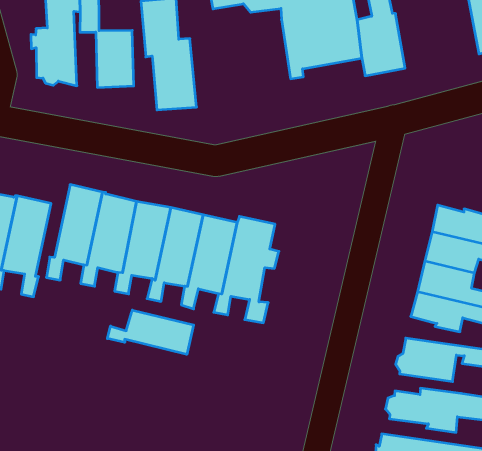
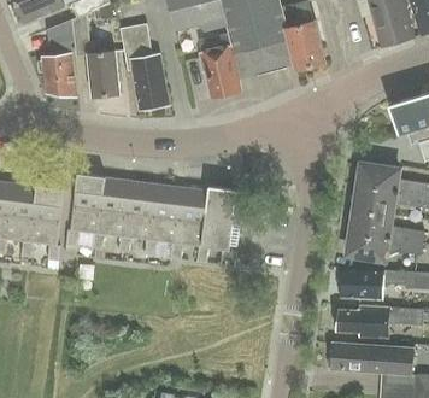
building: none -> [198,33,239,95]
building: [107,310,194,354] -> none

